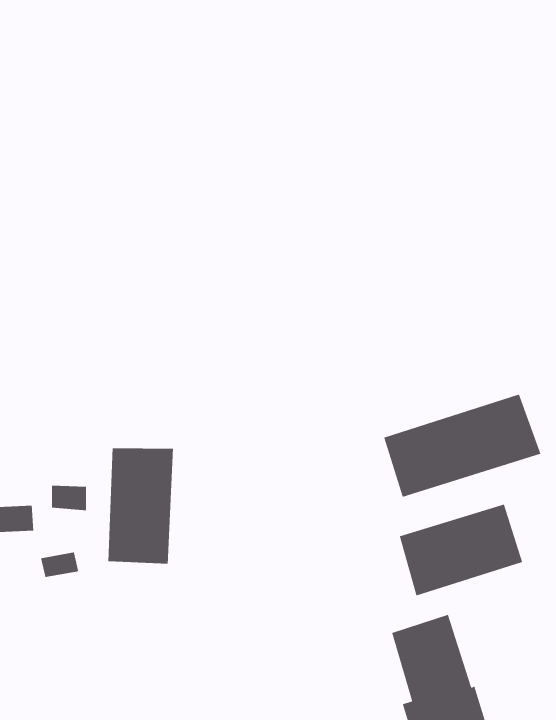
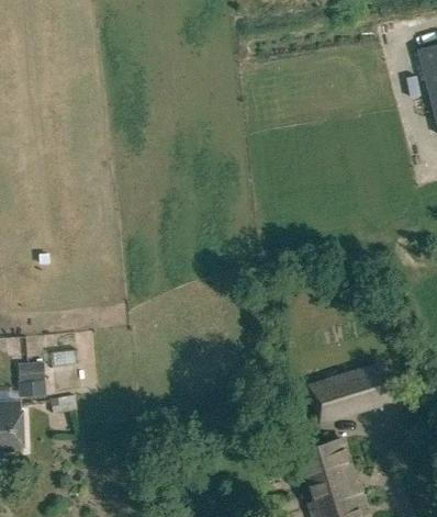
building: [383,393,541,498] -> none
building: [107,447,174,565] -> none

